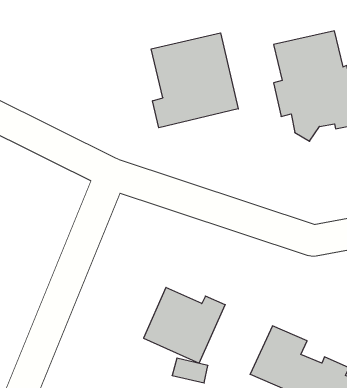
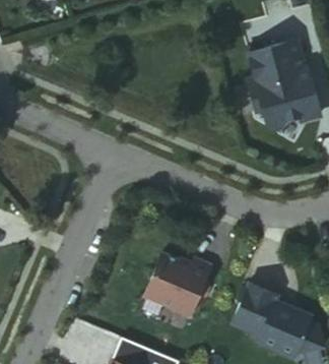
building: [151,33,238,128] -> none

